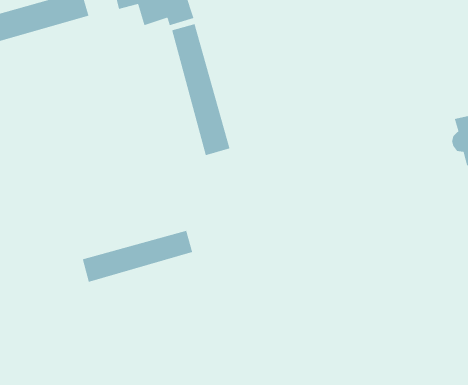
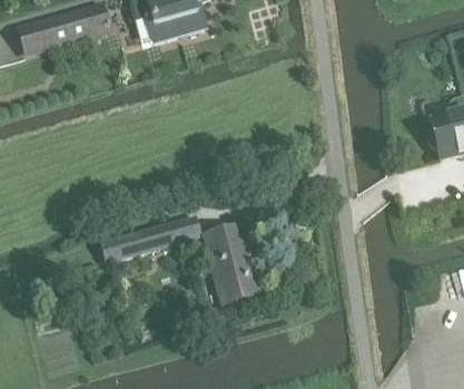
building: [171,23,230,156] -> none
building: none -> [203,224,260,304]

